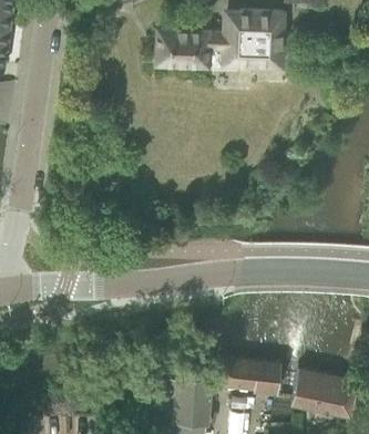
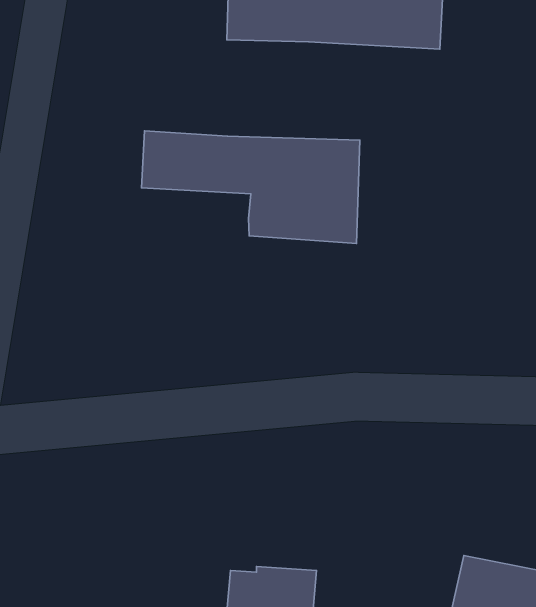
building: none -> [141,131,360,243]
building: [215,356,280,393] -> none

